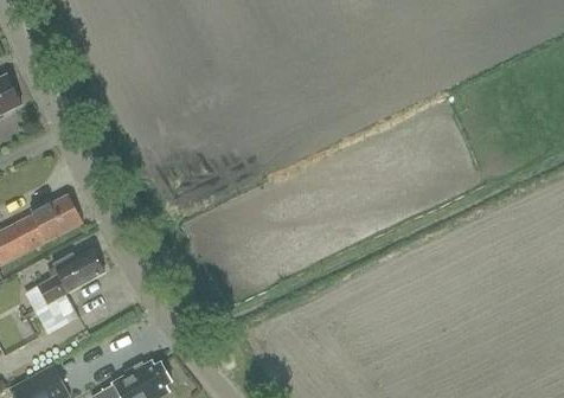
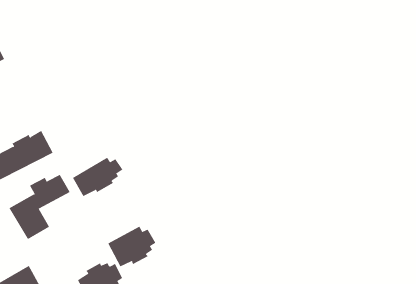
building: none -> [72,157,123,197]
building: none -> [108,226,156,267]

